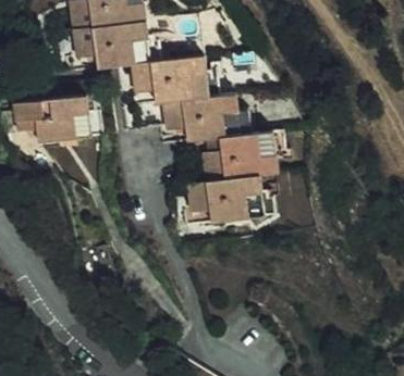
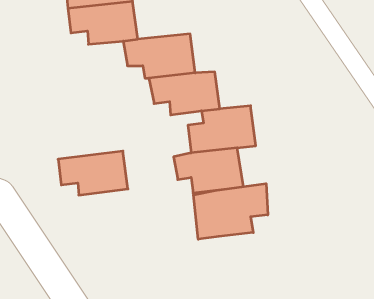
building: [16,97,90,143] -> [58,151,128,195]
building: none -> [193,184,268,239]

